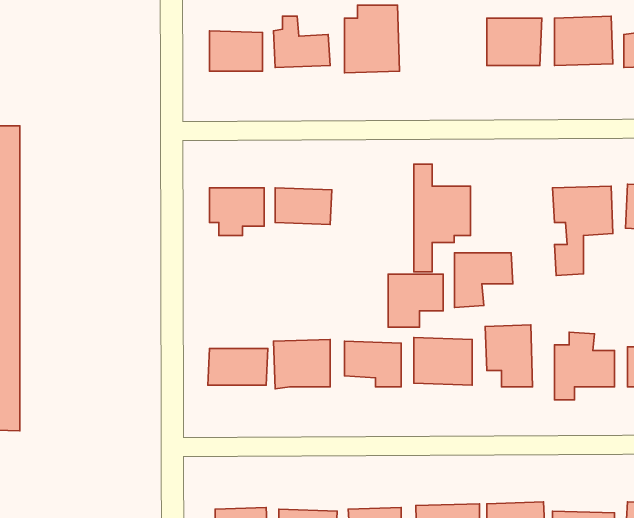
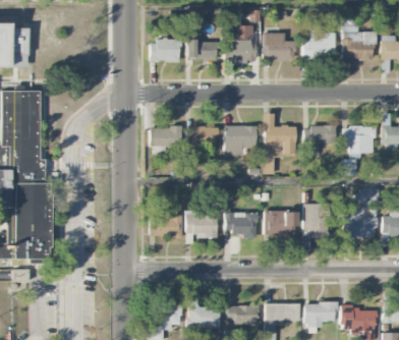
building: none -> [264,33,296,61]
building: [455,253,513,307] -> [304,126,337,157]
building: [388,274,443,327] -> [226,126,256,156]

